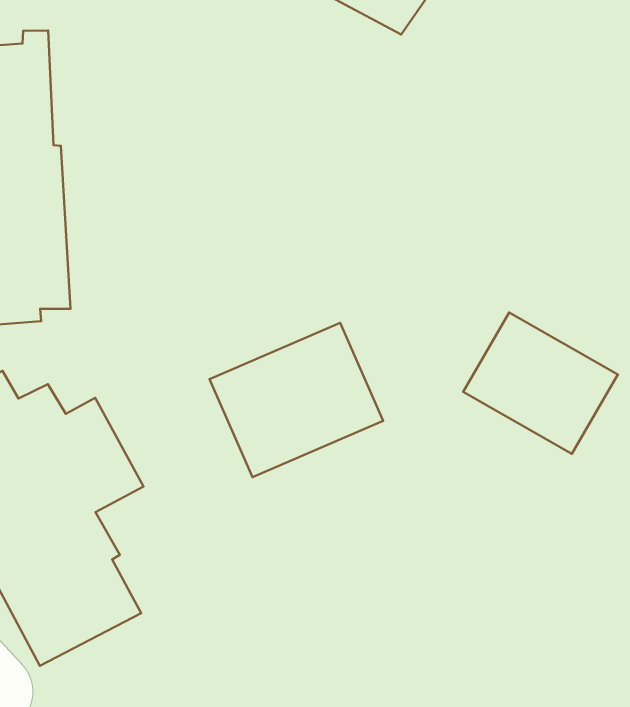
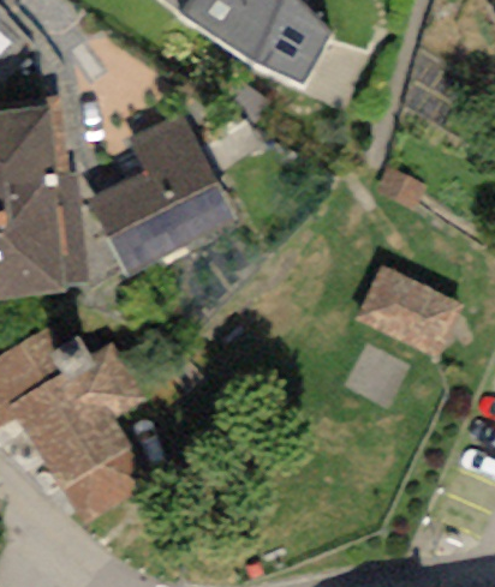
building: none -> [89,112,235,272]
building: [209,323,383,477] -> none

